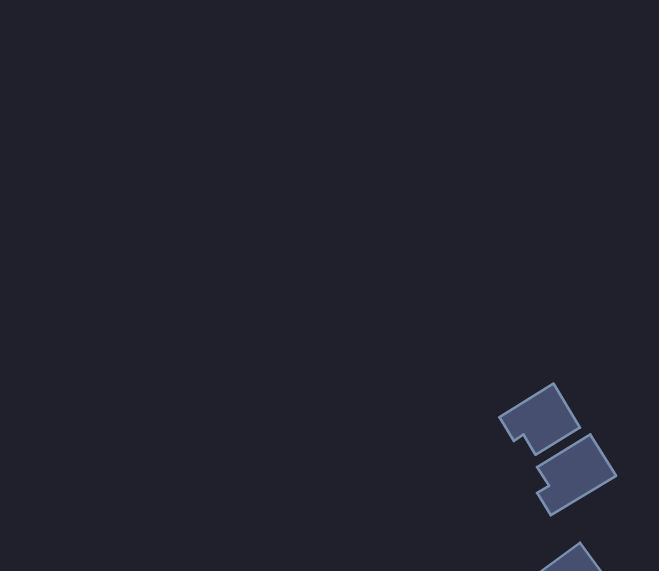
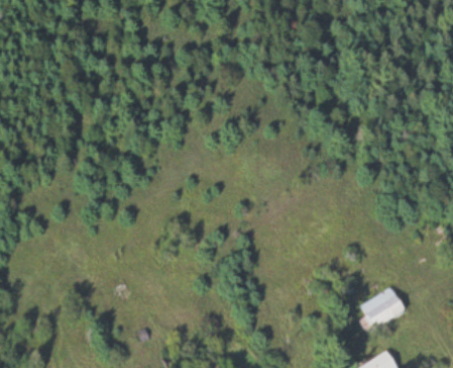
building: [499,384,580,455] -> none

